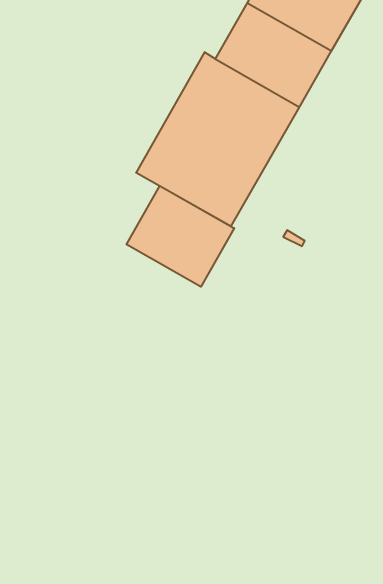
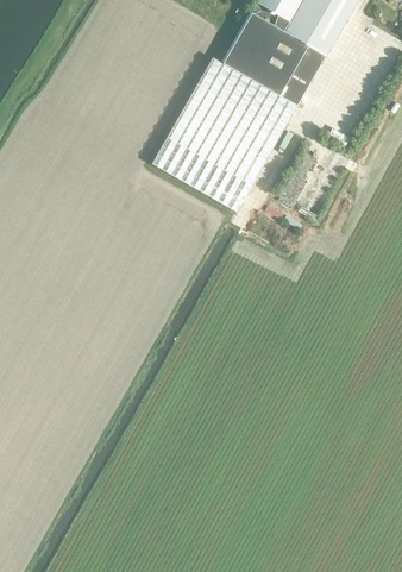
building: [127,186,234,287] -> none

